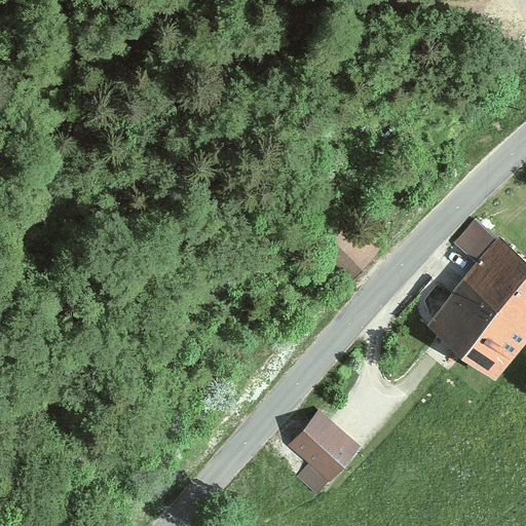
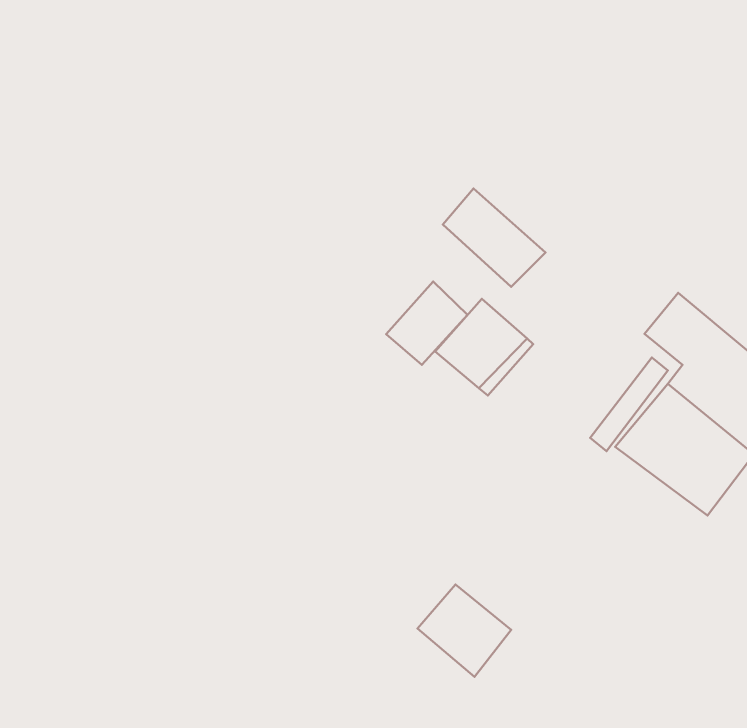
building: none -> [443,189,545,287]
building: none -> [386,281,468,365]

